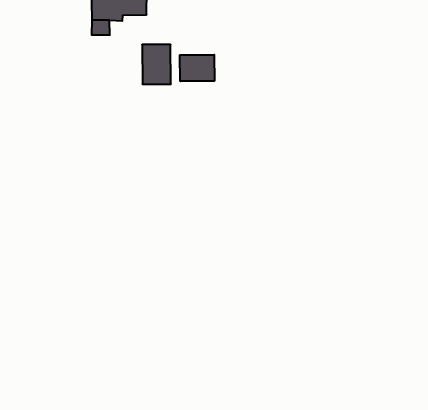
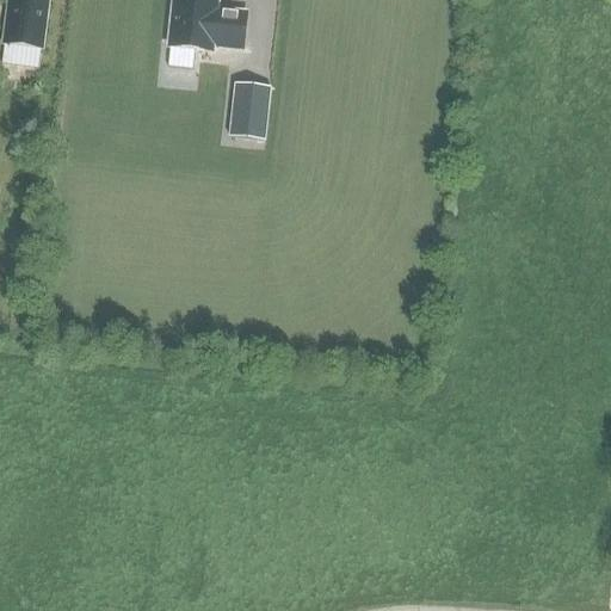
building: [180,55,214,81] -> none

